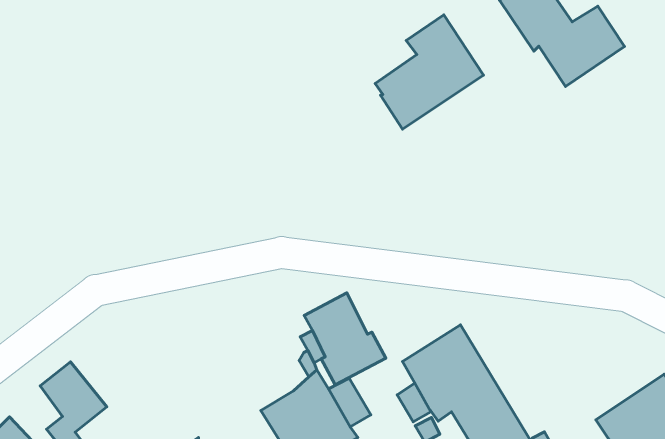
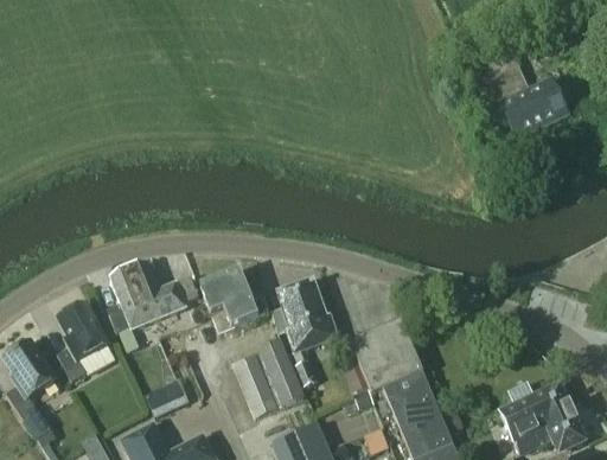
building: [375,15,483,129] -> none
building: none -> [199,269,267,330]
building: none -> [108,261,197,331]

